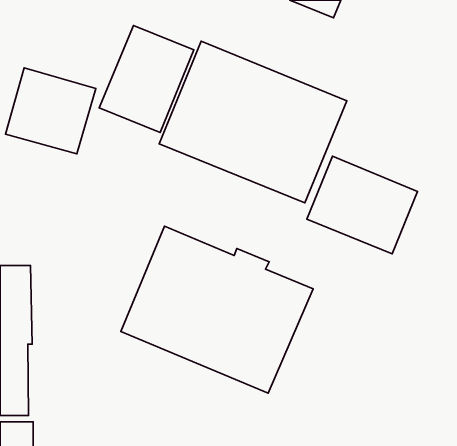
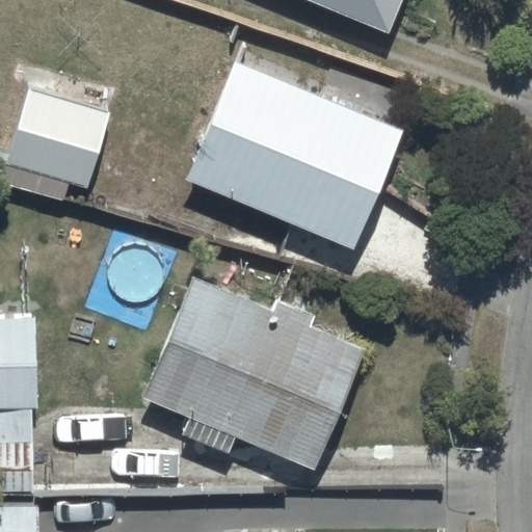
building: [99,26,194,133] -> none
building: [307,156,417,254] -> none

